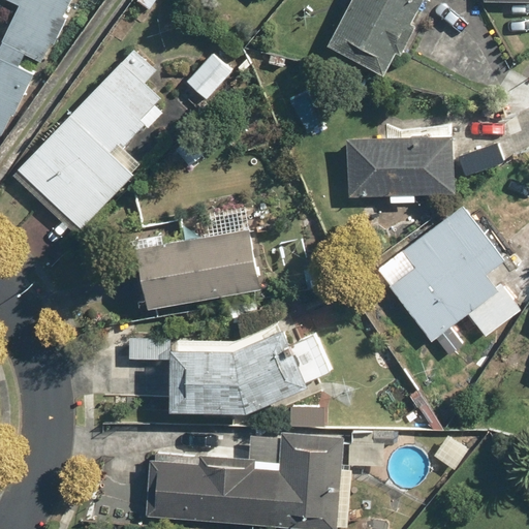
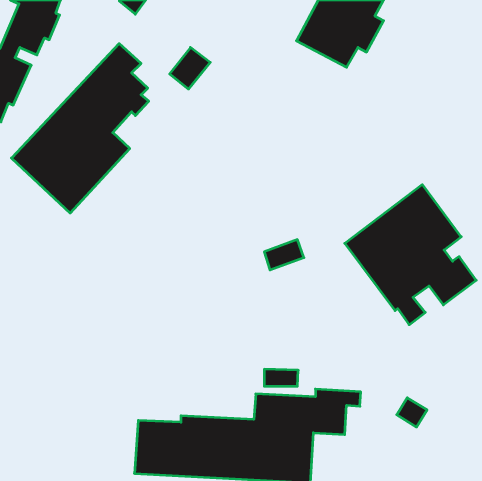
building: [346,127,452,206] -> none
building: [131,203,259,311] -> none
building: [125,323,332,414] -> none

